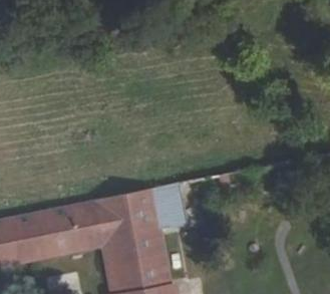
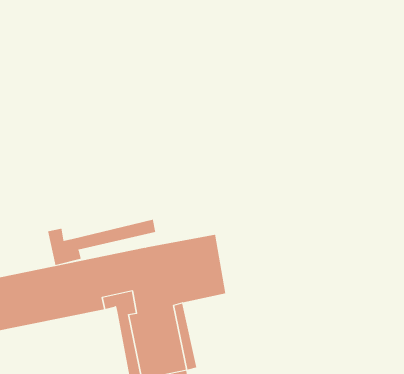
building: none -> [47,219,156,266]

